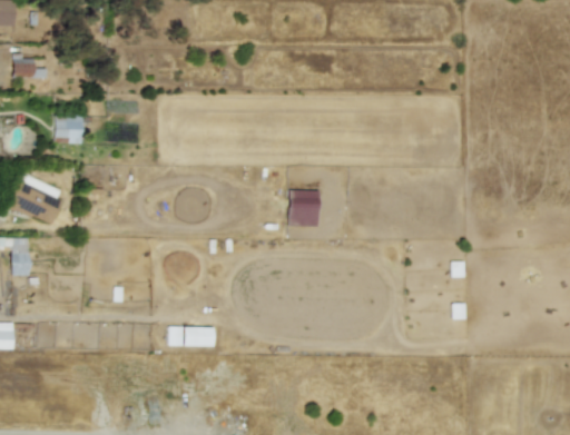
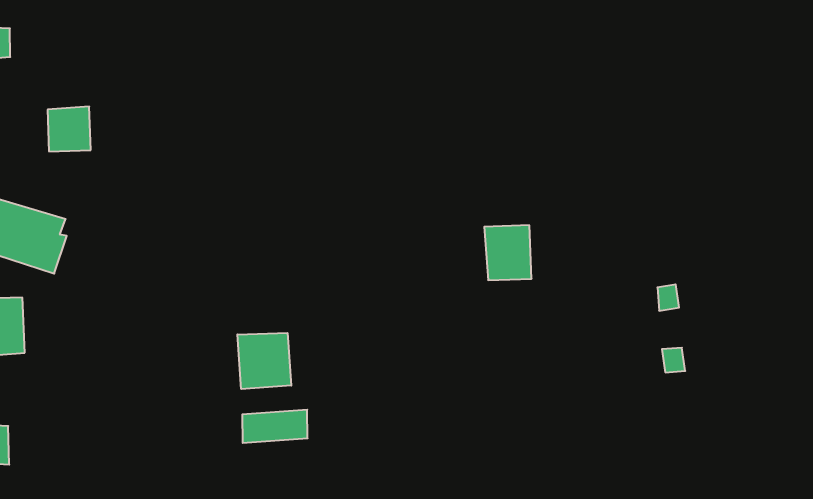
building: [289,190,320,227] -> [484,225,532,280]
building: none -> [237,333,291,389]

